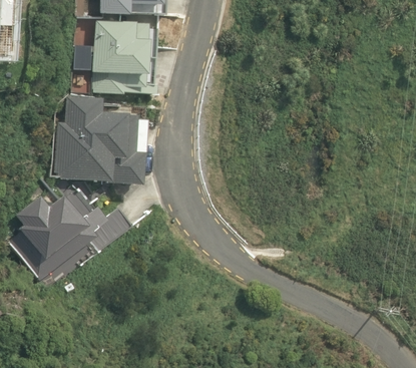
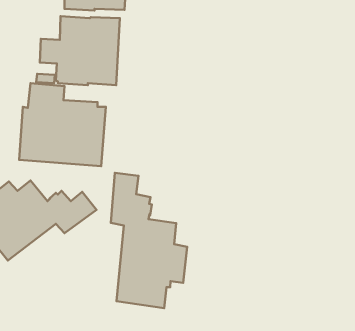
building: none -> [111,173,187,308]

